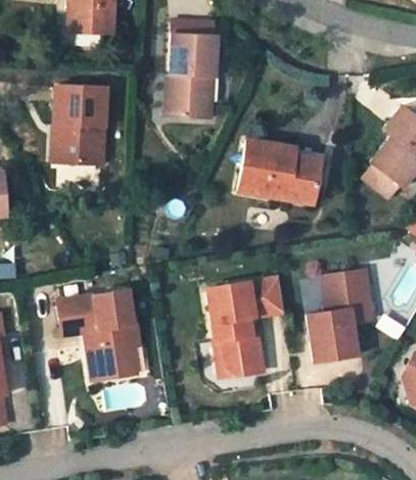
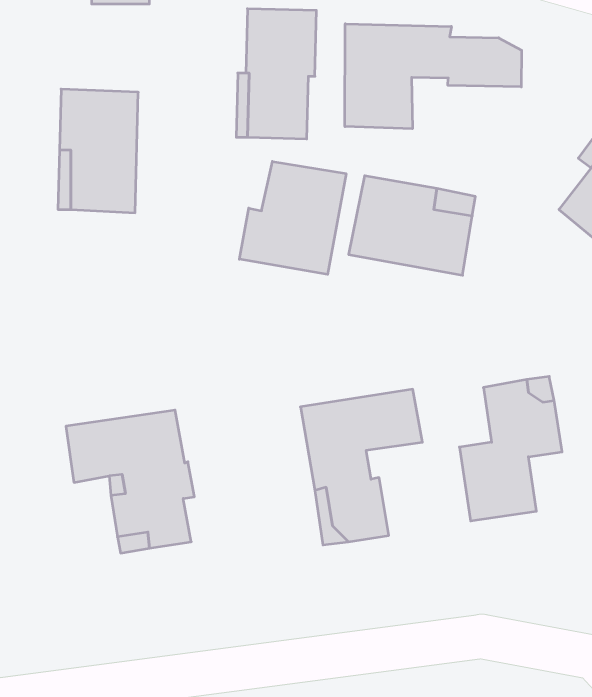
building: none -> [345,24,522,129]
building: none -> [239,161,346,274]

